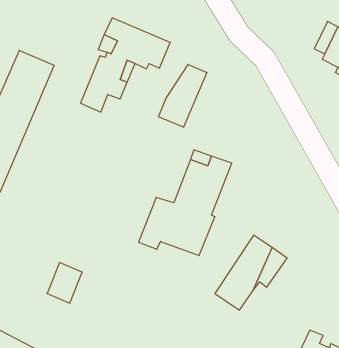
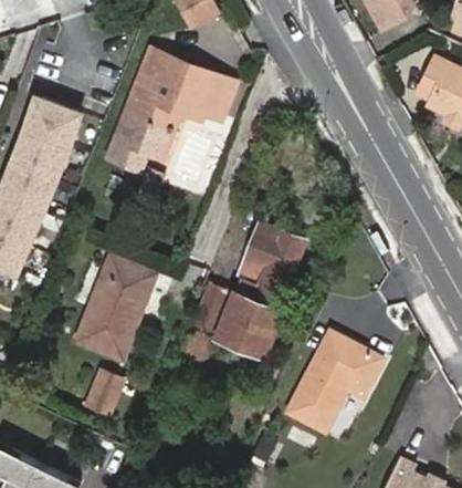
building: [158,64,207,127] -> none
building: none -> [75,256,155,362]

